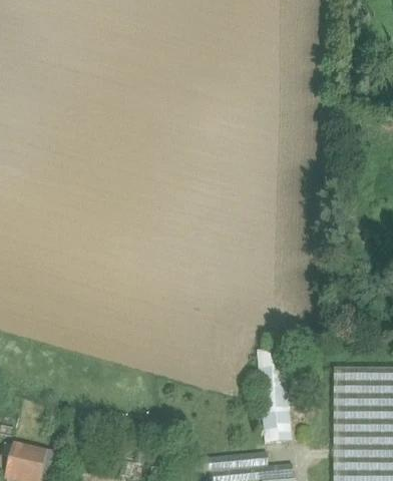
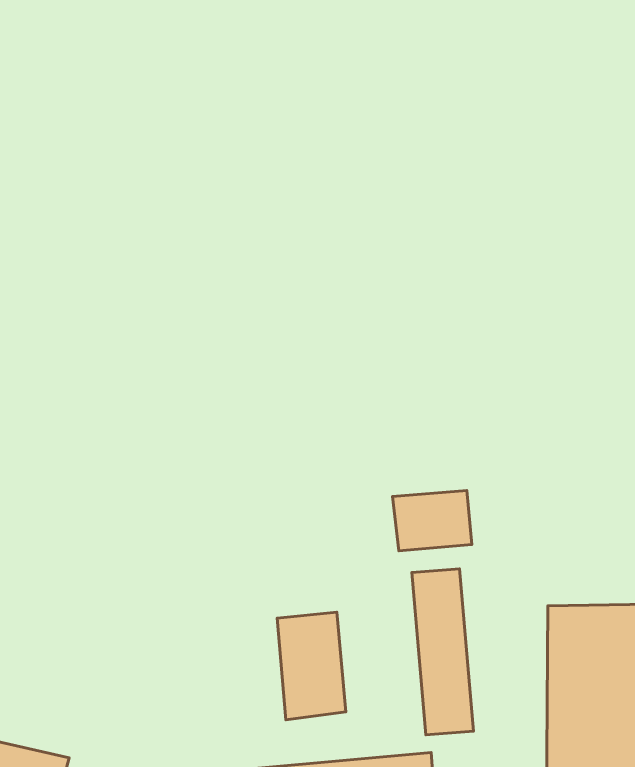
building: none -> [392,490,472,551]
building: none -> [277,612,346,720]

